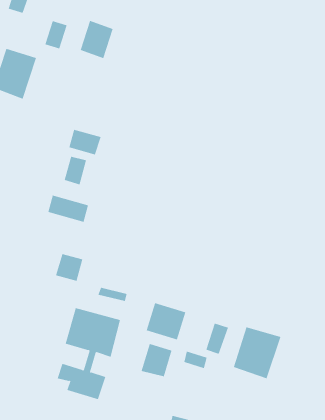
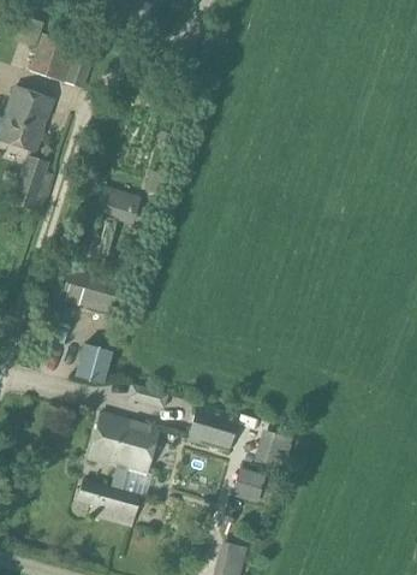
building: [80,20,114,59] -> [30,34,72,82]
building: none -> [13,156,52,212]
building: [233,326,281,379] -> none
building: [141,343,172,377] -> none

